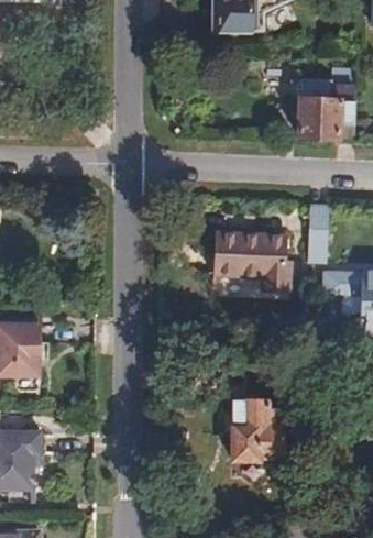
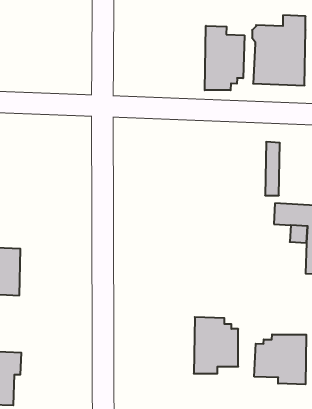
building: none -> [205,26,244,90]
building: [216,233,293,294] -> none
building: none -> [254,334,306,384]

